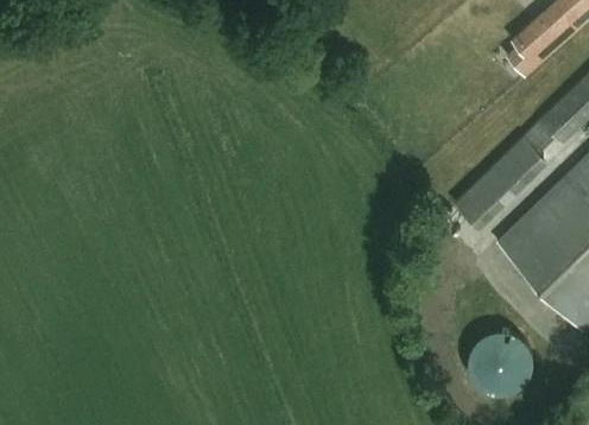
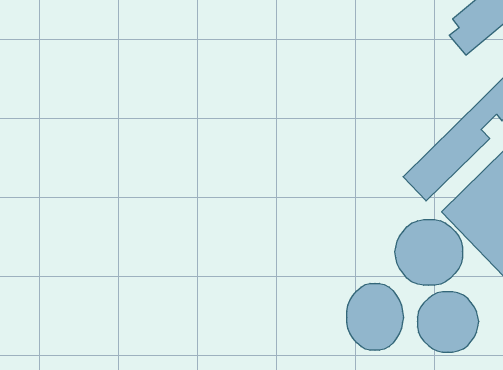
building: none -> [395,220,462,285]
building: none -> [347,283,403,350]

